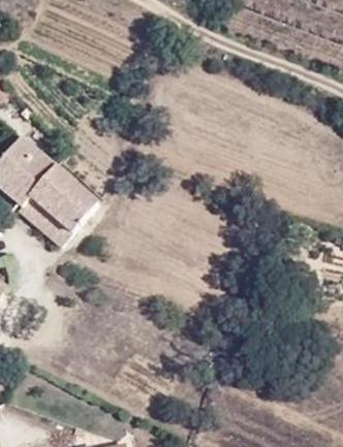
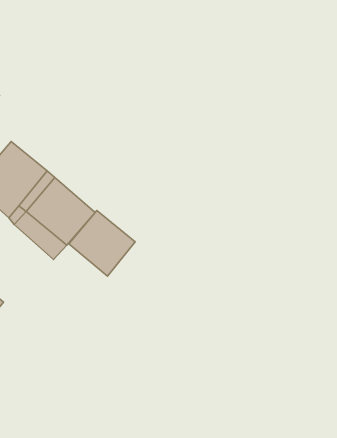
building: none -> [69,210,135,276]

